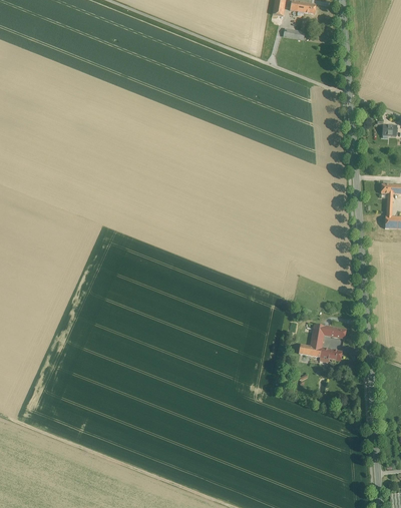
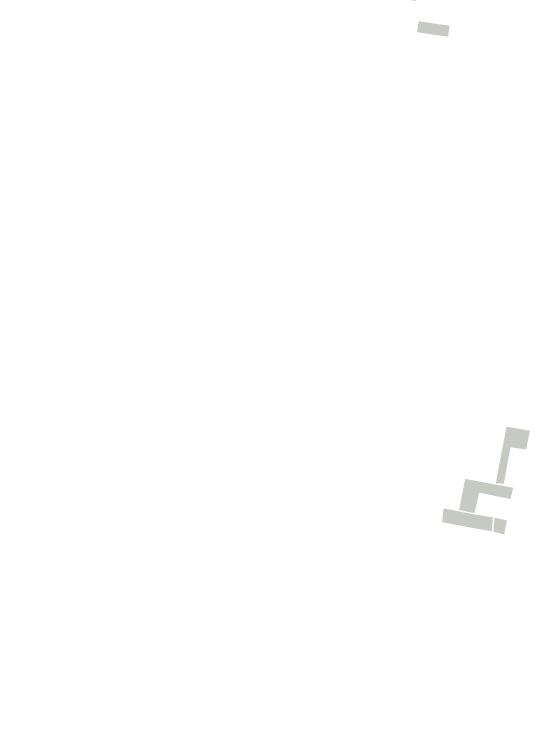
building: none -> [495,426,531,485]

